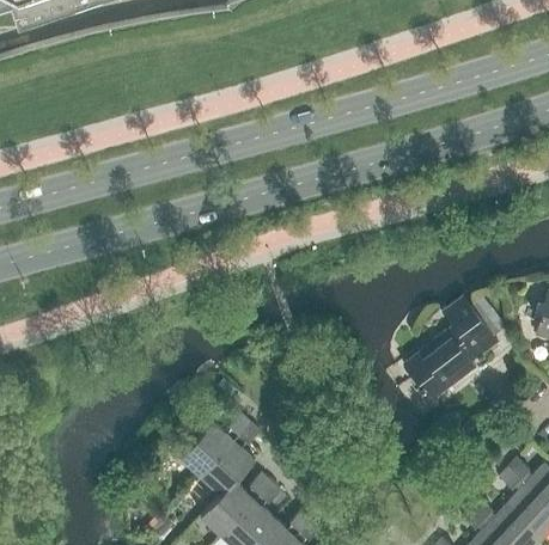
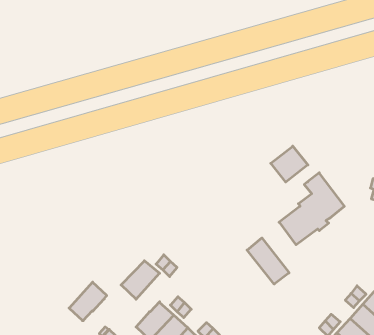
building: none -> [271,146,308,182]
building: none -> [247,238,289,284]
building: [201,440,255,495] -> [69,282,107,321]

